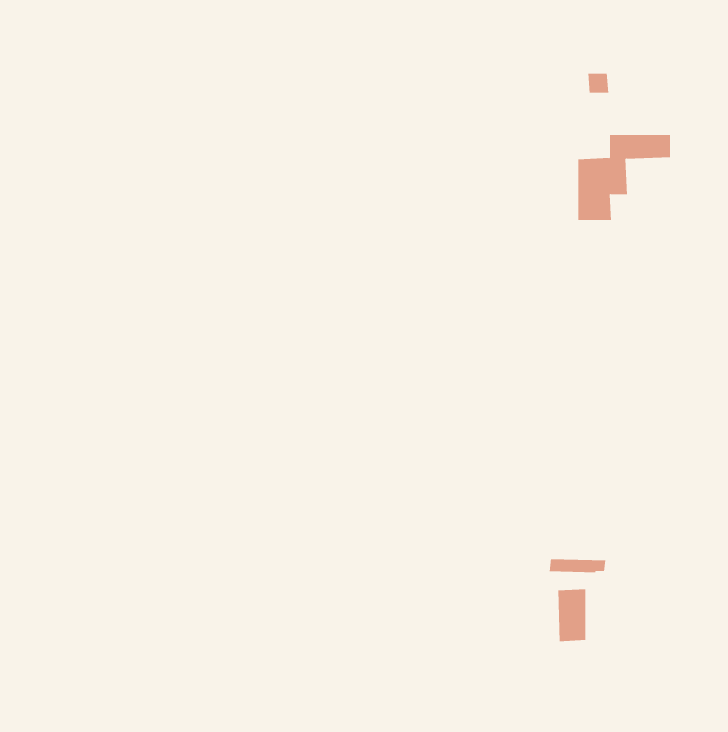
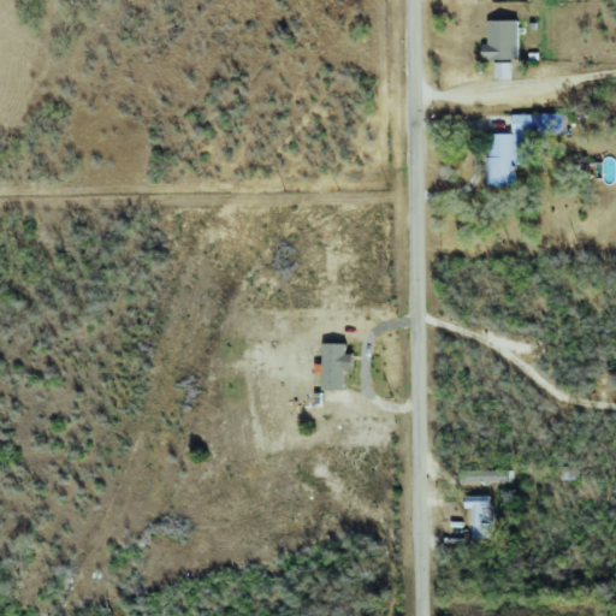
building: none -> [485,19,519,59]
building: none -> [322,343,346,391]

